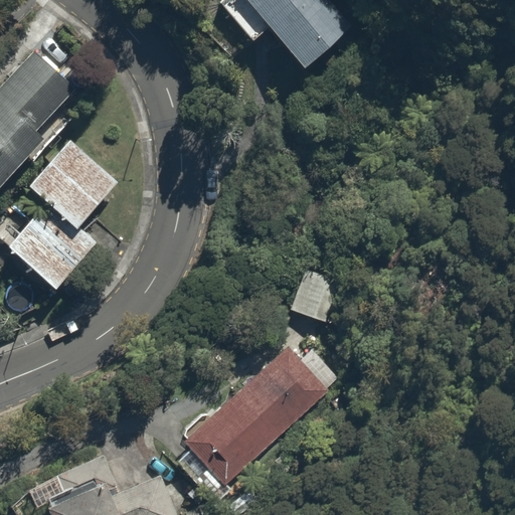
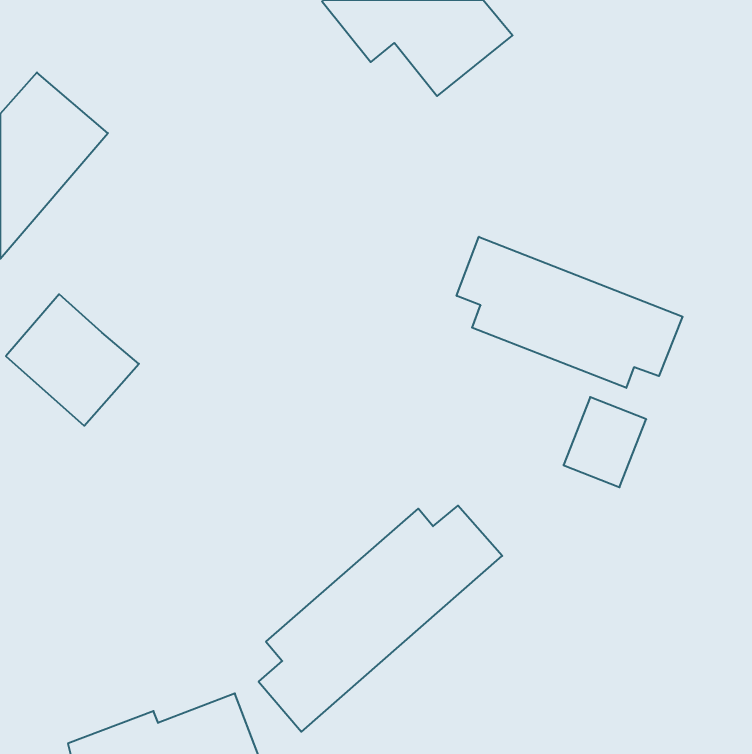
building: [27,140,114,227] -> none
building: none -> [457,237,683,388]
building: [288,264,344,325] -> [563,397,646,487]

